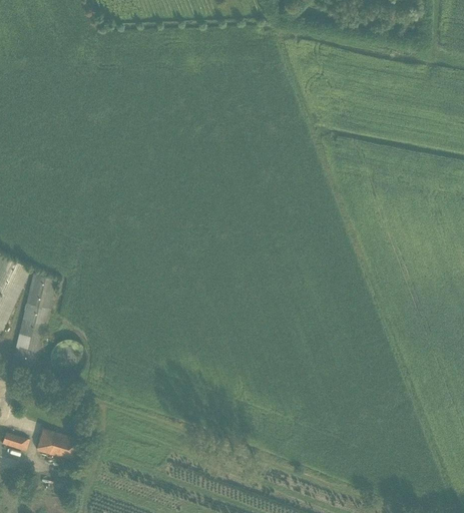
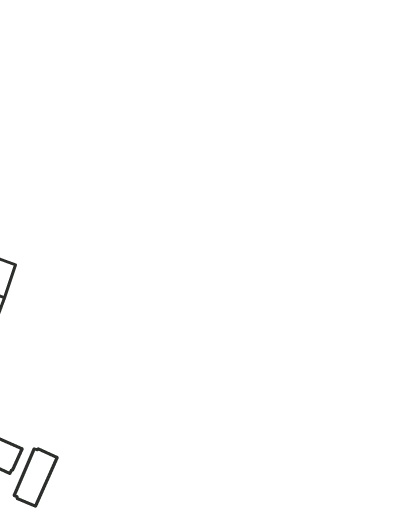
building: none -> [14,449,57,506]

